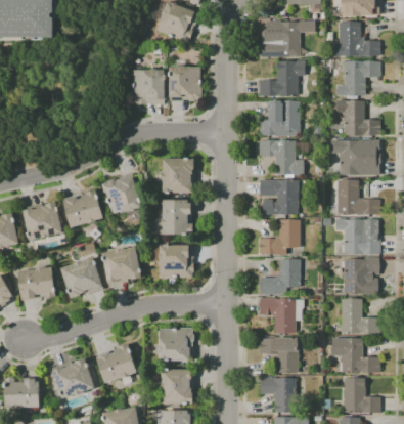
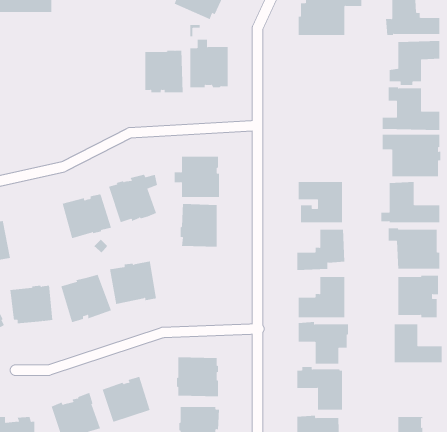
building: [259,59,304,95] -> none
building: [259,100,300,135] -> none
building: [258,140,304,175] -> none
building: [20,202,61,240] -> none
building: [152,245,194,284] -> none
building: [331,338,379,372] -> none

